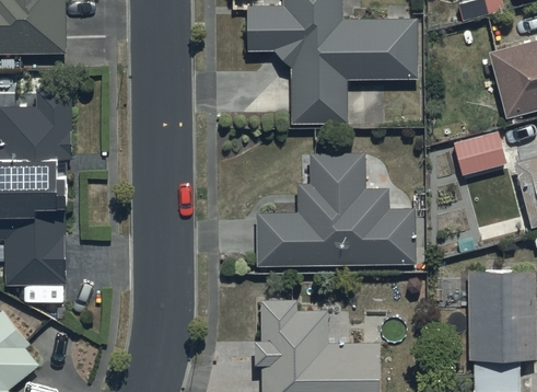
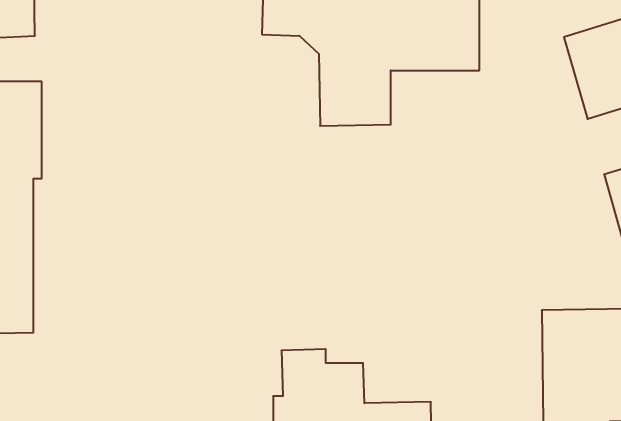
building: [453,132,510,178] -> none
building: [256,152,416,266] -> none

